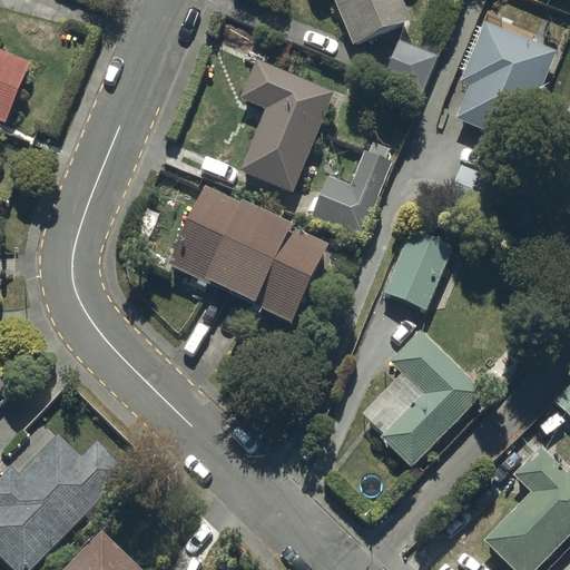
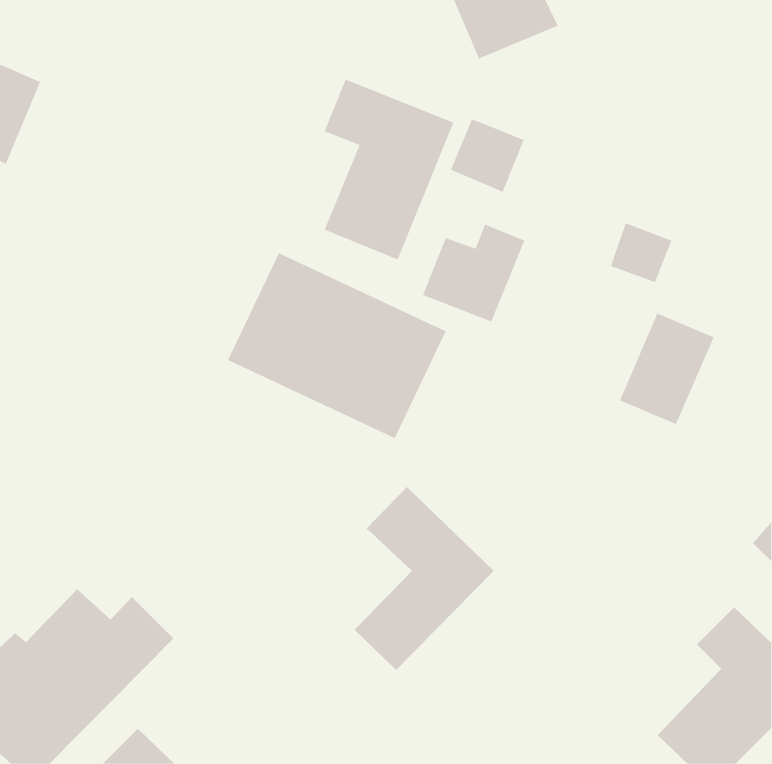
building: [454,20,556,142] -> none
building: [382,38,436,92] -> [450,119,524,193]
building: [383,227,453,309] -> [619,313,714,425]
building: [380,331,483,466] -> [354,486,494,671]

